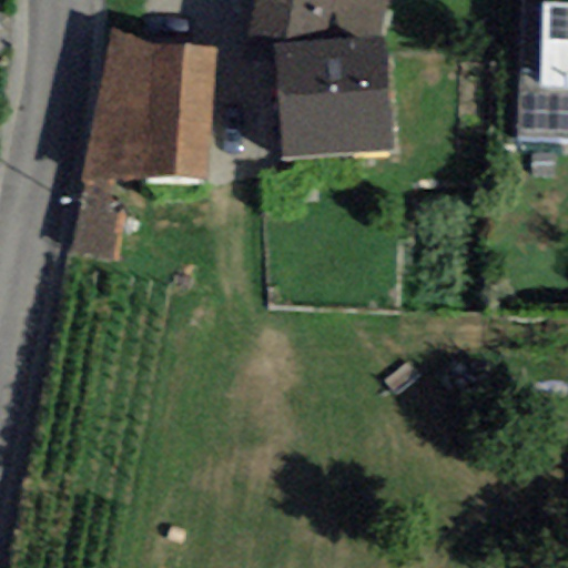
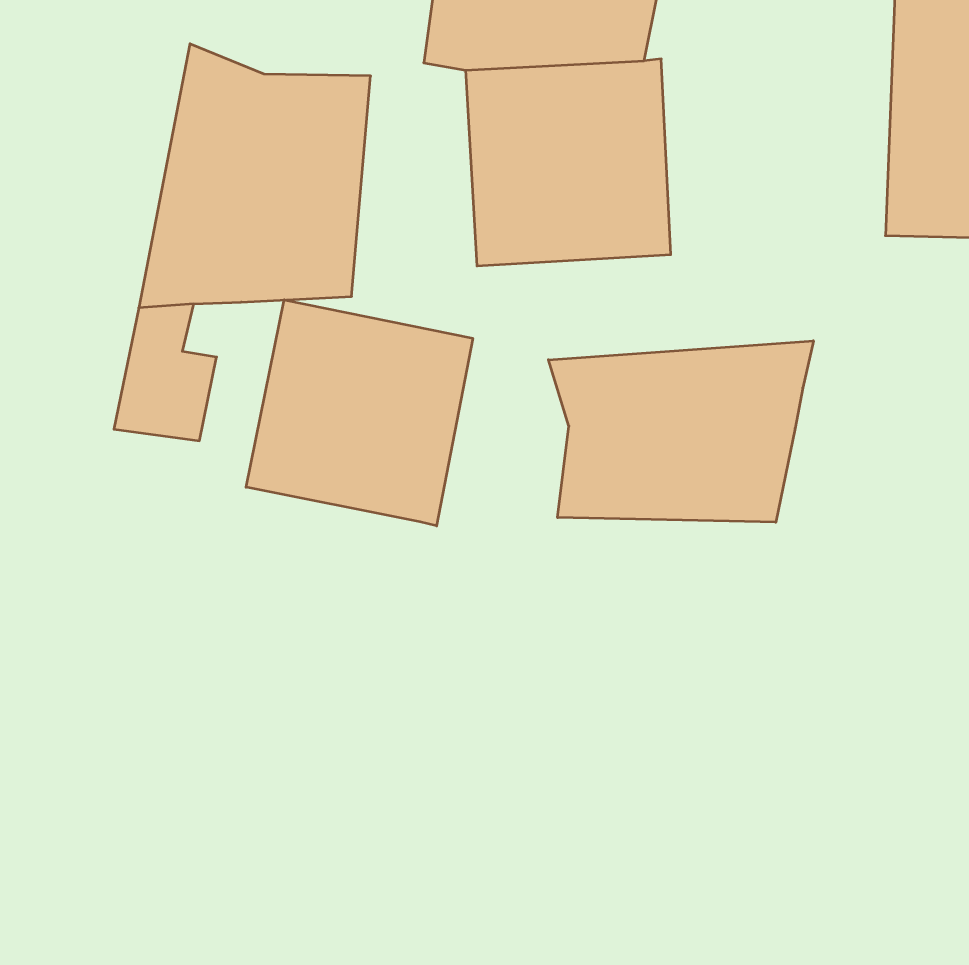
building: none -> [246,300,473,526]
building: none -> [548,341,813,522]

